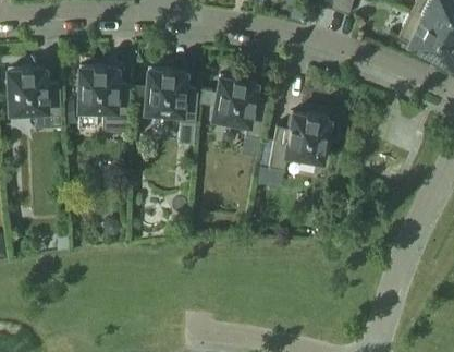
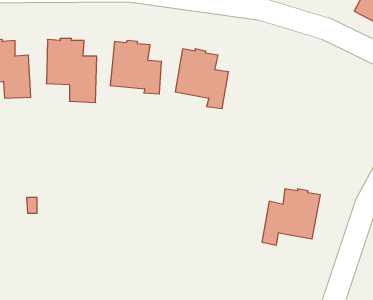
building: [269,112,330,171] -> [262,189,320,245]

